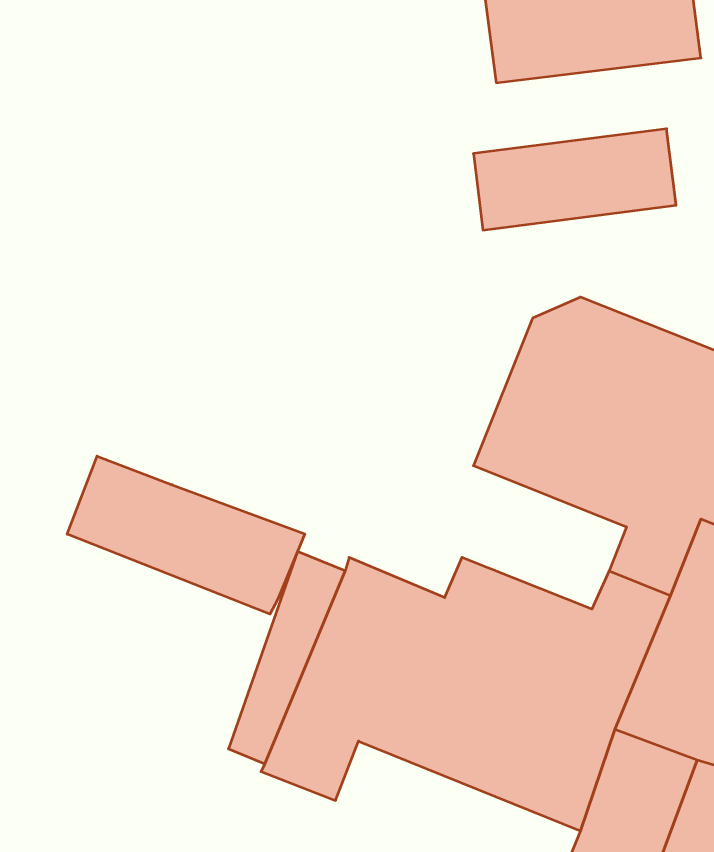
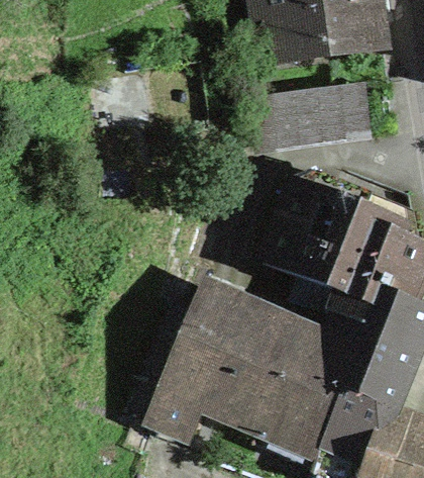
building: [67,456,305,614] -> none

